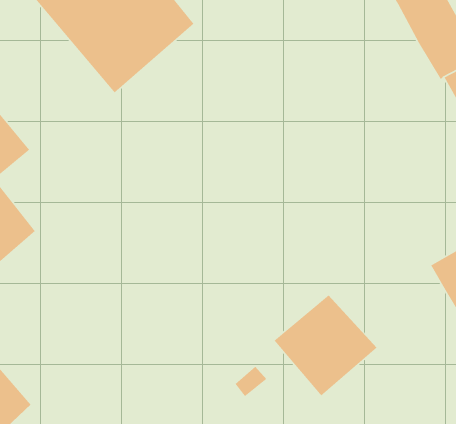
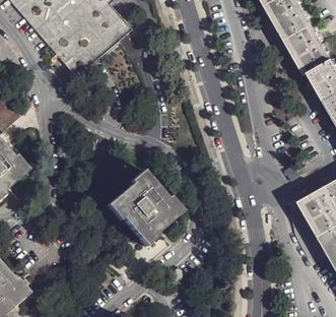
building: [274,294,377,397] -> [110,175,181,245]

